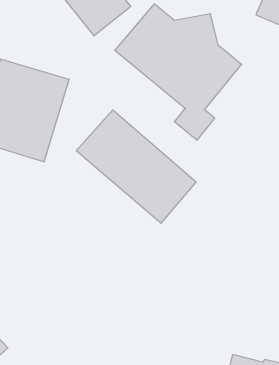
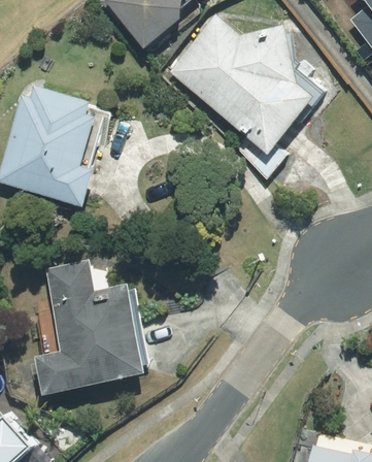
building: [76,110,196,223] -> none
building: none -> [35,257,150,395]

